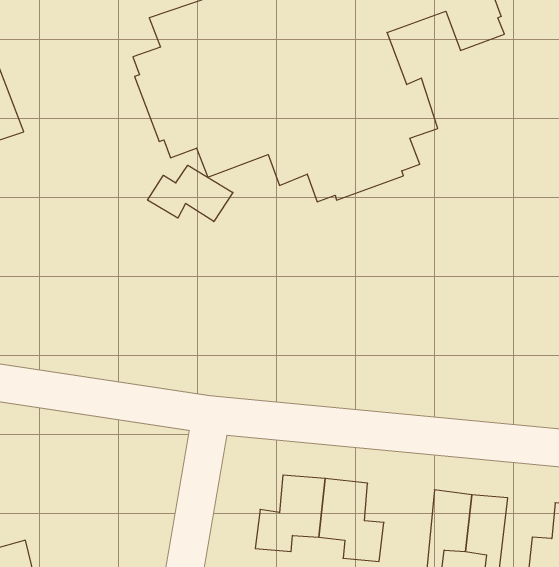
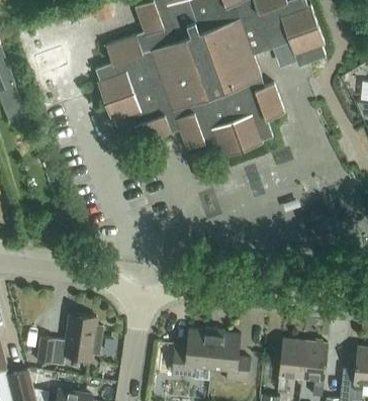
building: [148,165,233,222] -> none
building: none -> [37,315,103,367]

